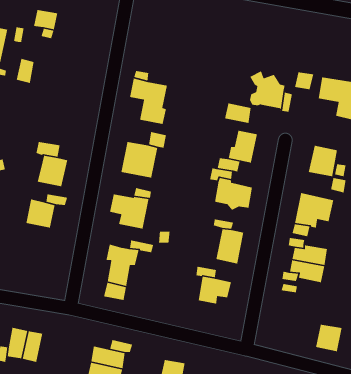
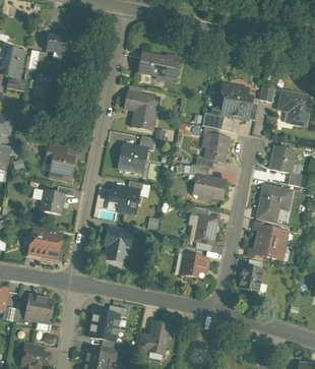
building: none -> [138,55,178,81]
building: none -> [28,229,61,258]
building: [315,324,342,352] -> [239,266,261,290]

